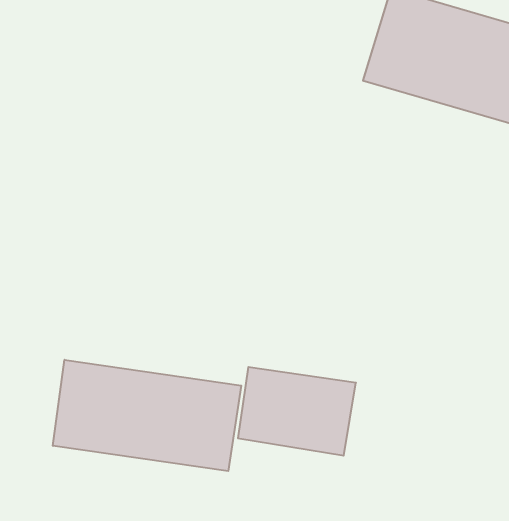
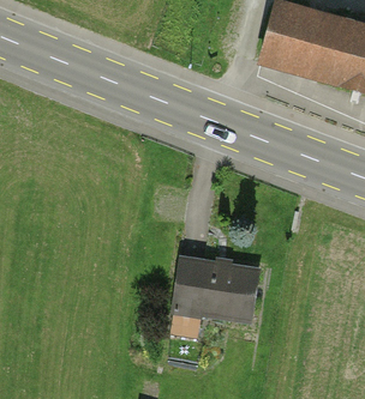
building: [53,360,241,471] -> none

